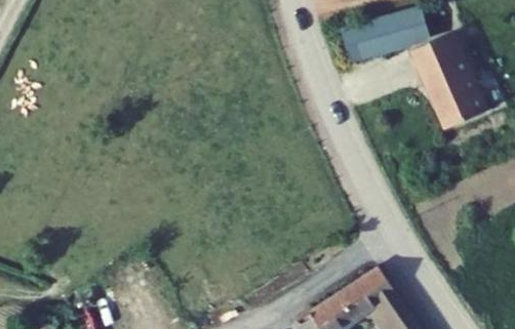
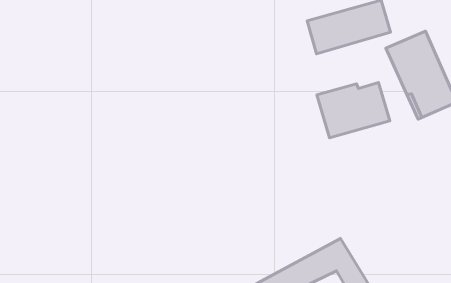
building: none -> [317,83,390,138]

